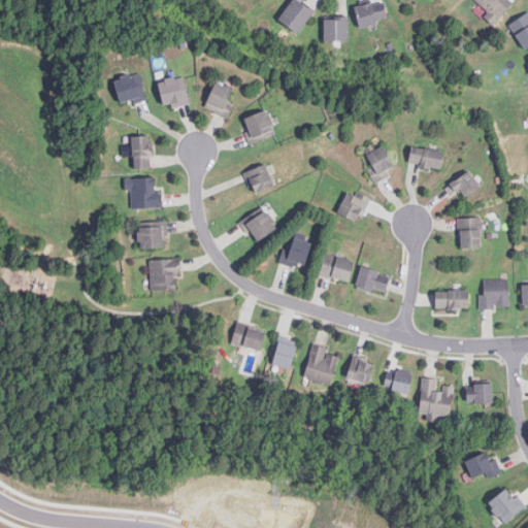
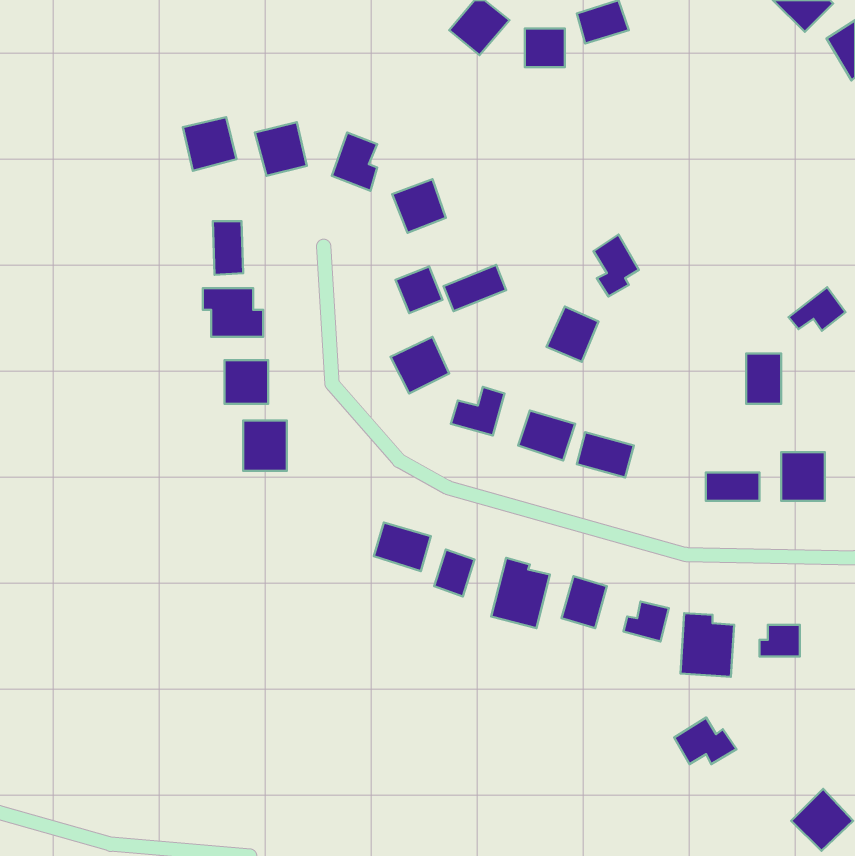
building: [407,144,443,170] -> none
building: none -> [444,265,506,311]
building: [443,170,478,197] -> [788,287,845,331]
building: [464,451,502,480] -> [674,717,736,764]

